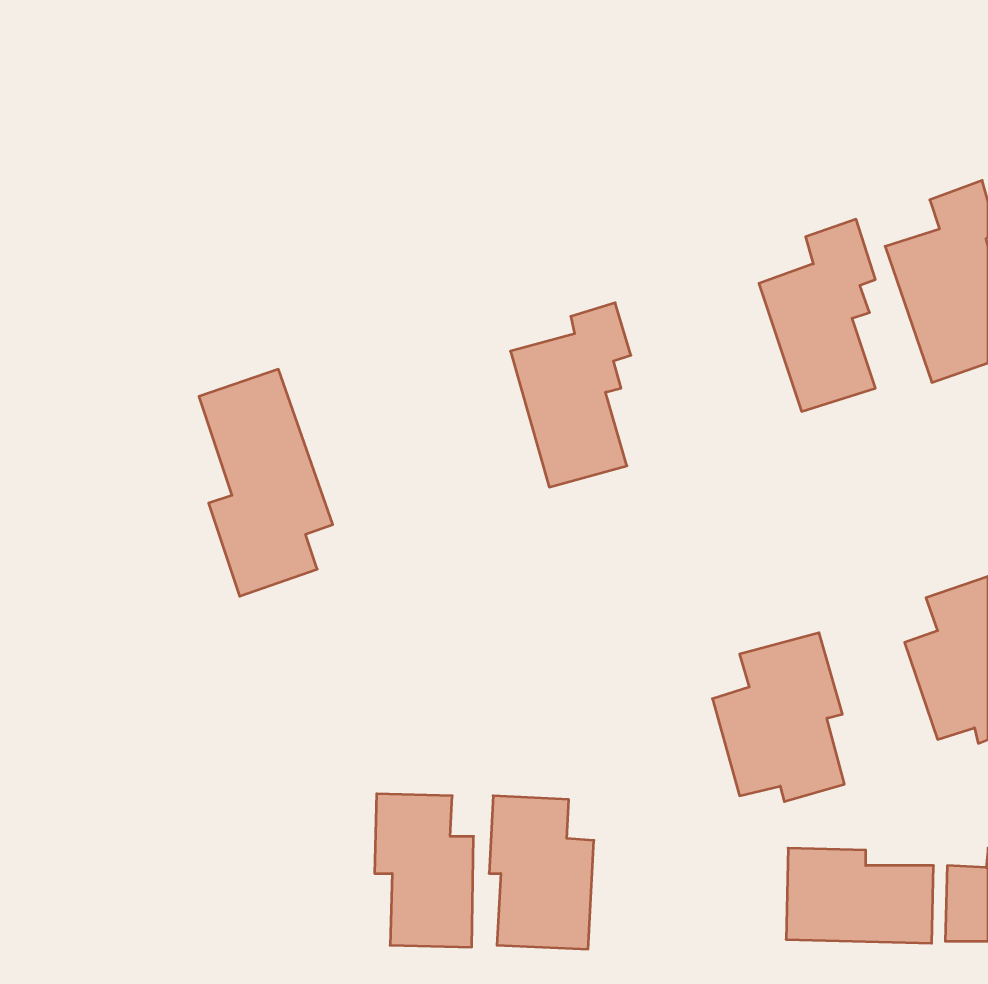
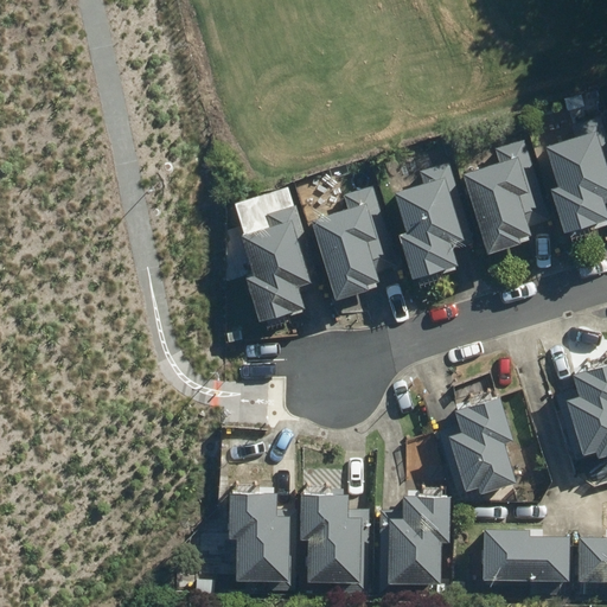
building: none -> [394,164,469,283]
building: [199,369,333,596] -> [235,189,317,327]
building: none -> [376,491,451,599]

